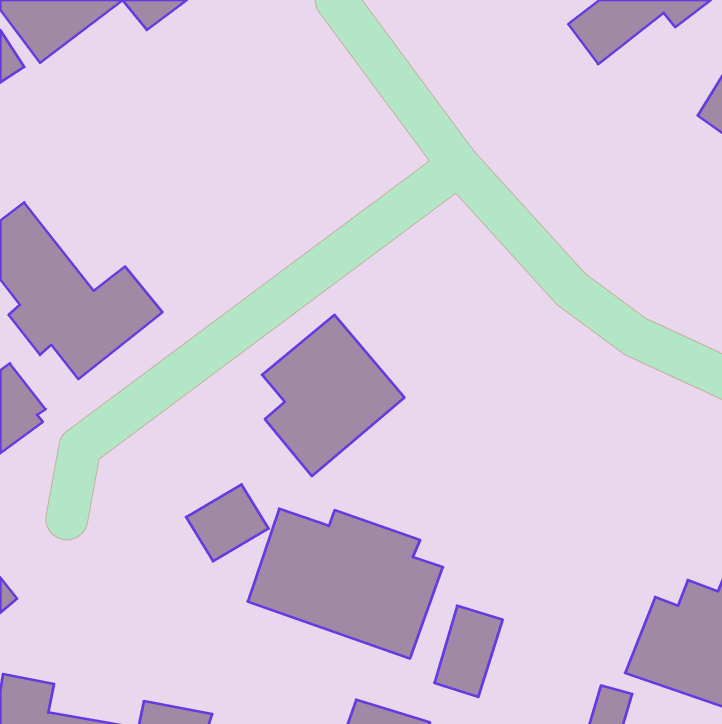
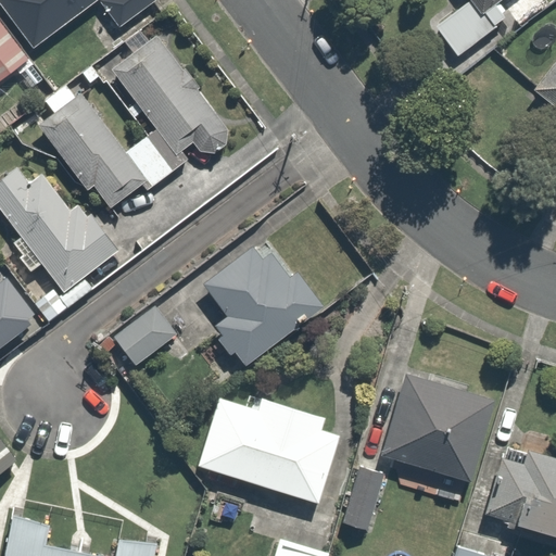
building: none -> [110,33,230,154]
building: none -> [41,79,173,210]
building: none -> [375,371,491,484]
building: [186,484,269,561] -> [112,309,175,368]

